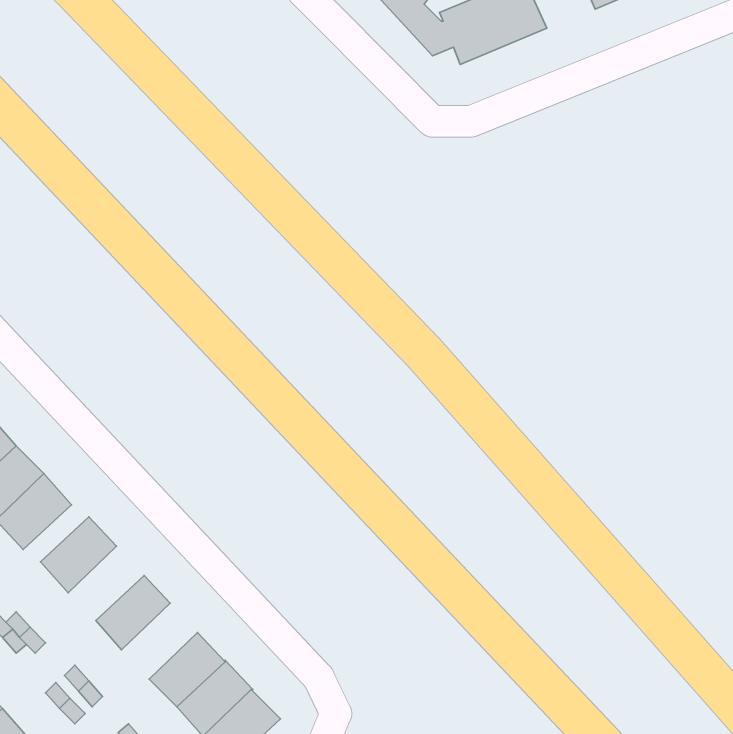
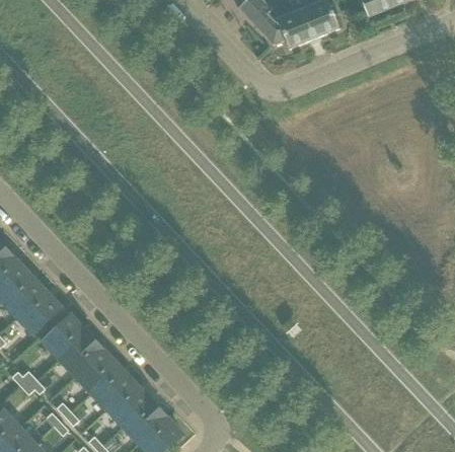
building: none -> [59,331,103,375]
building: none -> [90,365,135,409]

